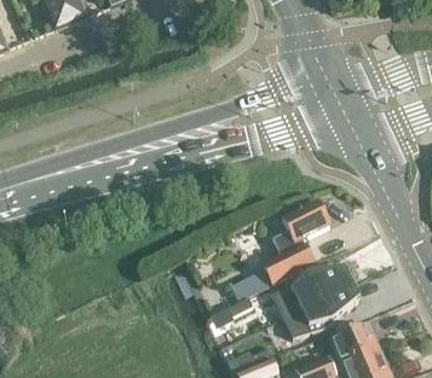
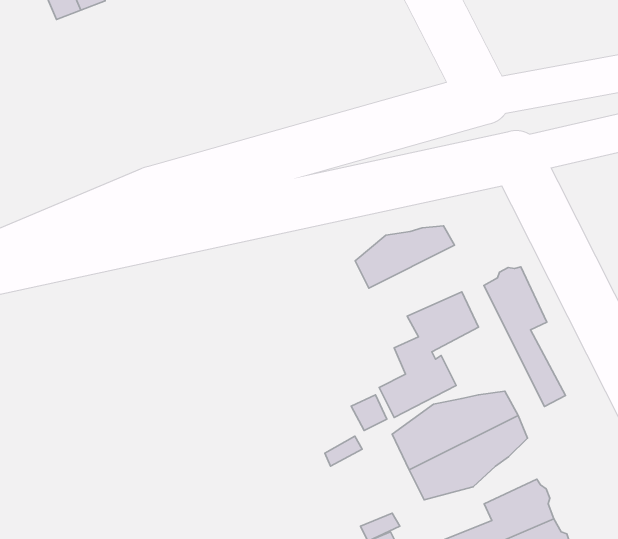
building: none -> [355,226,455,288]
building: none -> [484,267,565,406]

